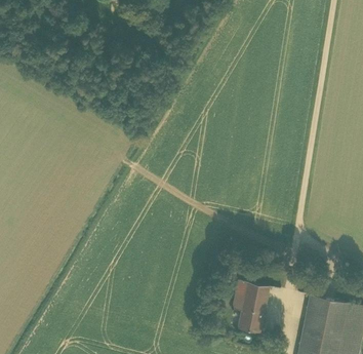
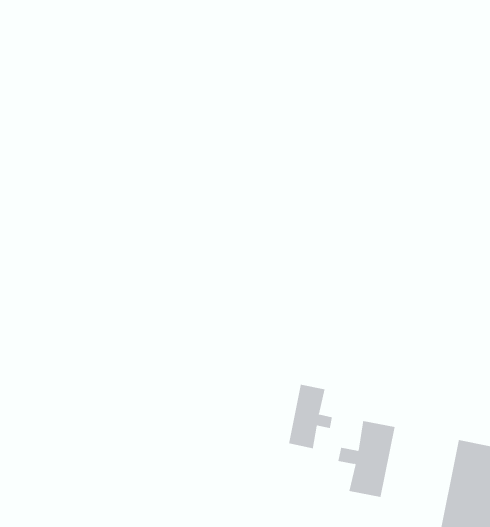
building: none -> [288,384,332,449]

